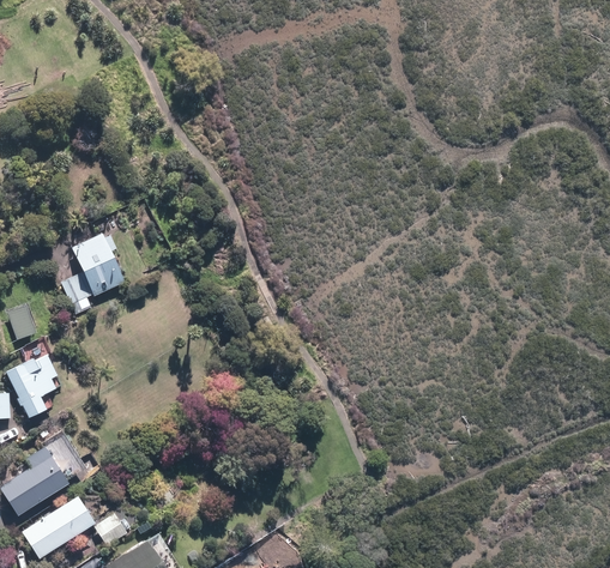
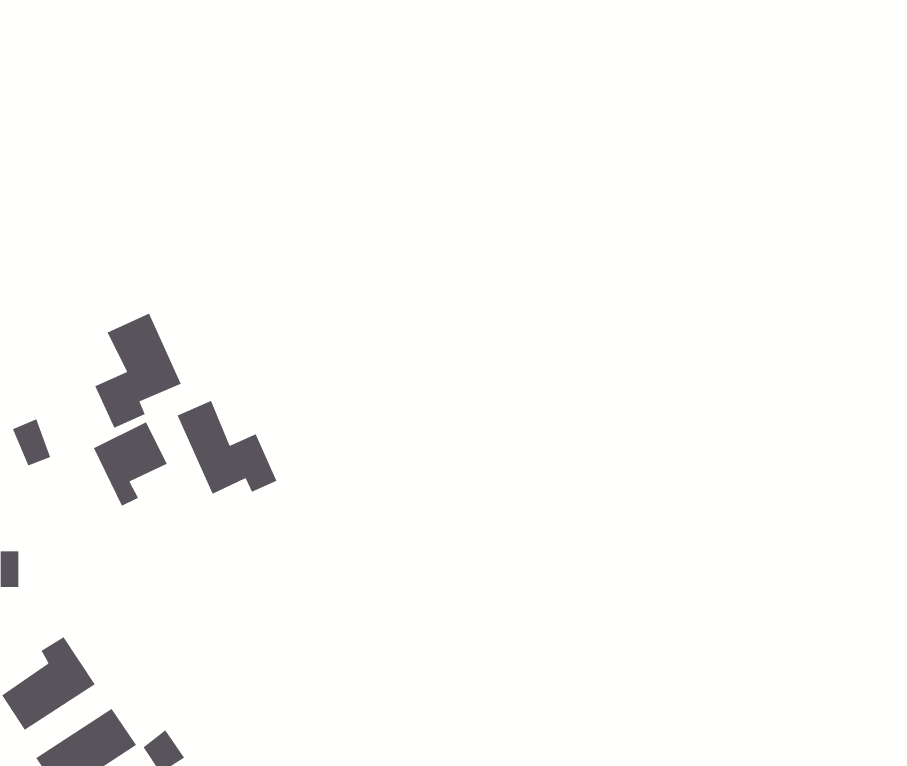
building: none -> [176,400,278,495]
building: [10,357,60,415] -> [93,421,168,507]

